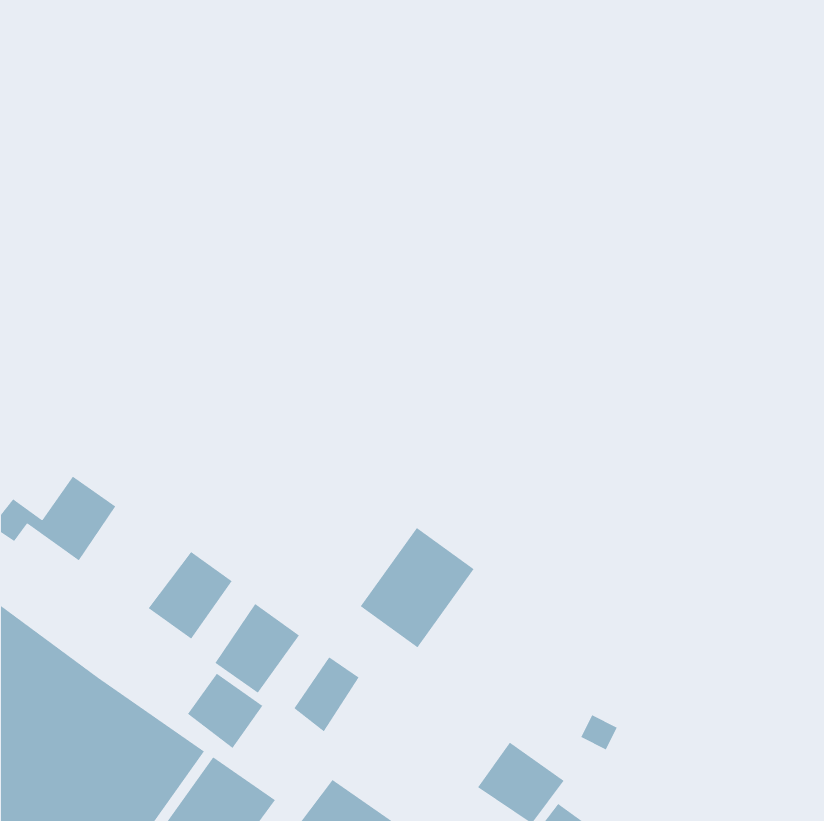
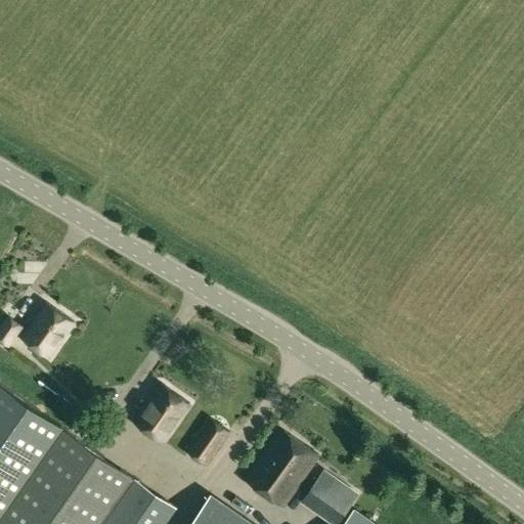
building: [360,527,474,648] -> [247,430,319,507]
building: [148,551,232,639] -> none
building: [187,673,263,749] -> none

